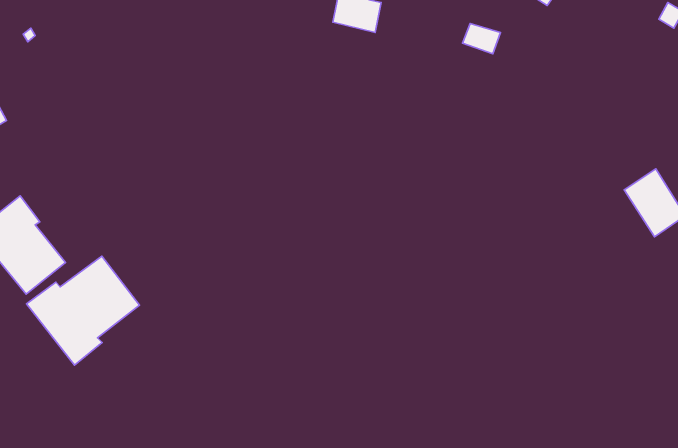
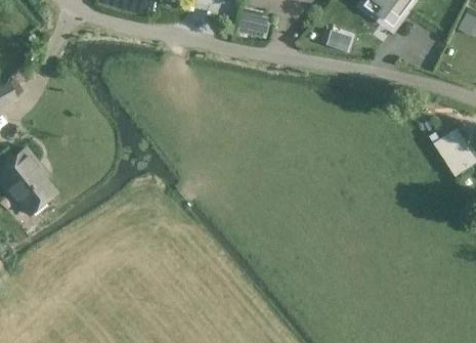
building: [27,256,140,365] -> none

